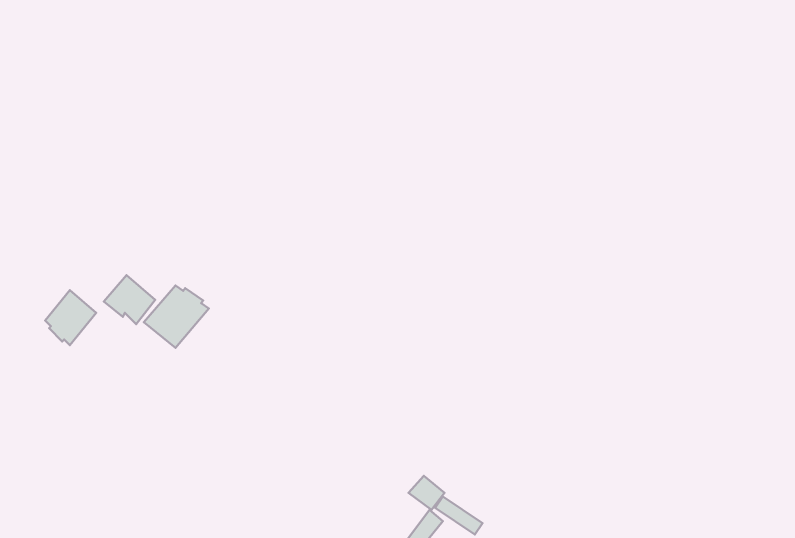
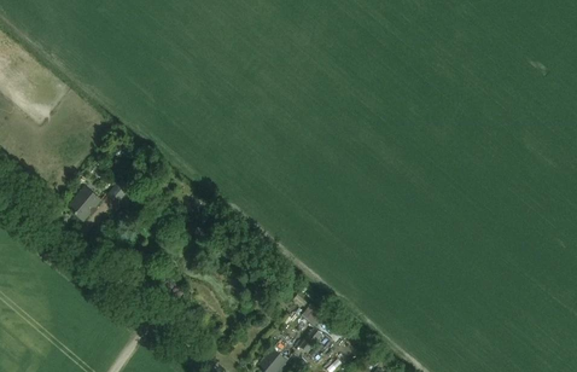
building: [144,286,209,348] -> none

